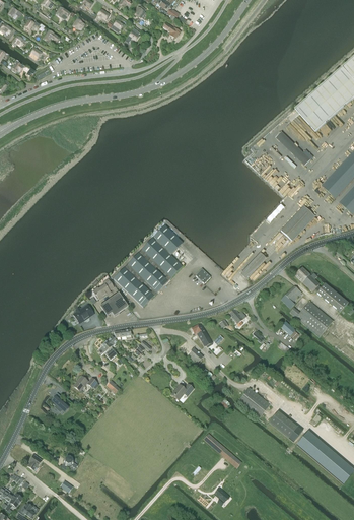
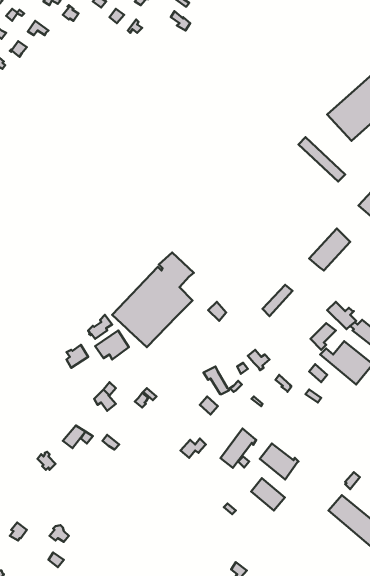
building: none -> [221,429,256,468]
building: [269,410,297,438] -> [251,478,285,511]

